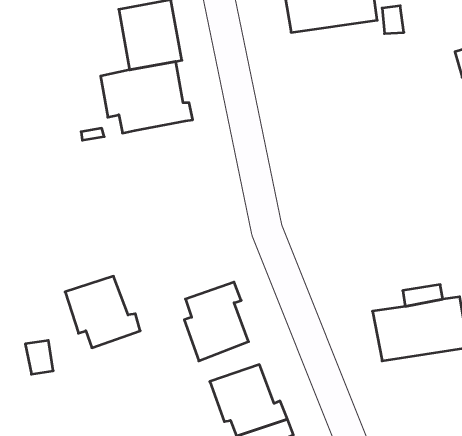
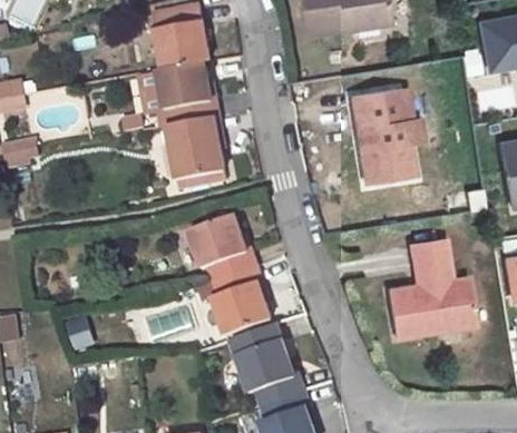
building: none -> [350,87,421,184]
building: none -> [166,116,223,179]
building: none -> [409,237,447,272]
building: [65,276,140,348] -> [188,214,257,279]

